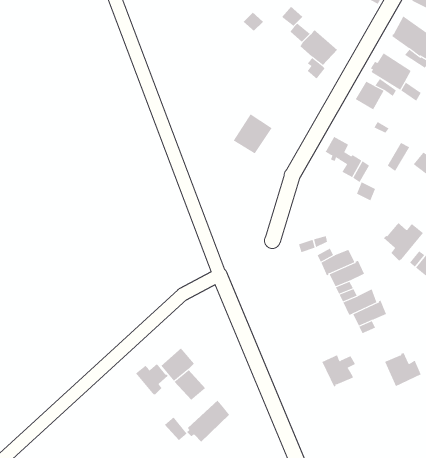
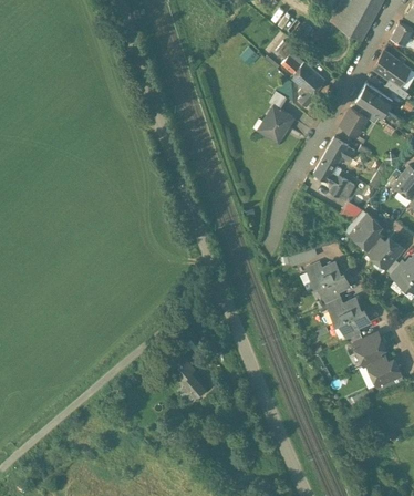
building: none -> [322,138,355,167]
building: [233,114,272,154] -> [258,106,293,143]
building: none -> [351,214,382,249]
building: [321,354,356,388] -> [353,335,384,365]
building: [135,363,169,396] -> none
building: [186,400,230,443] -> none

